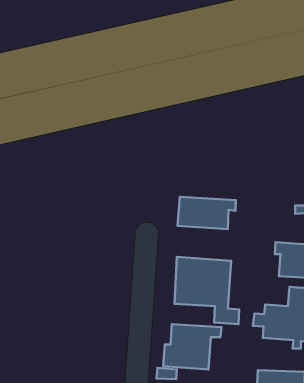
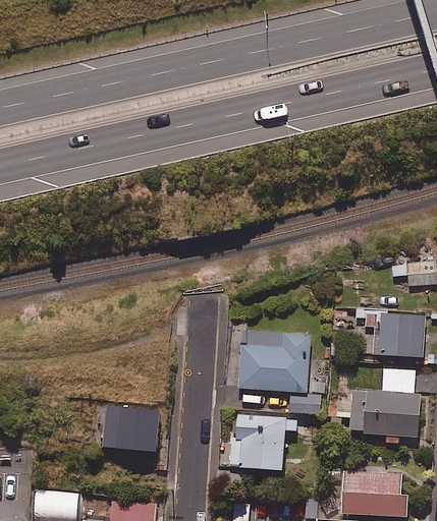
building: [177,197,236,229] -> none
building: none -> [102,405,160,452]

